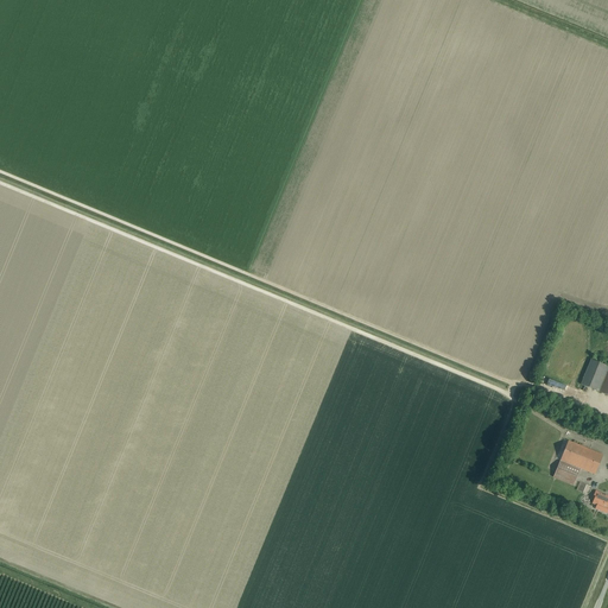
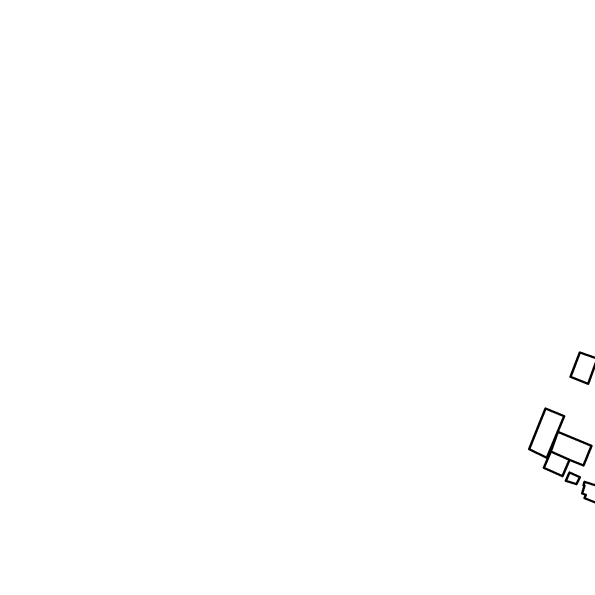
building: none -> [529,409,564,458]

